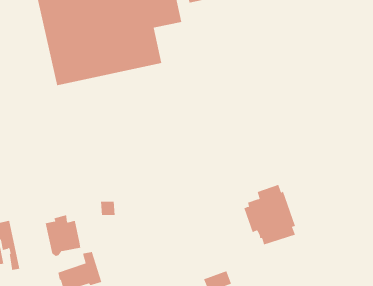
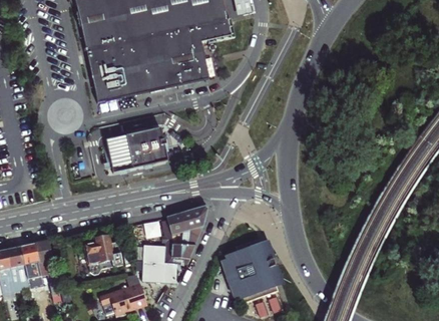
building: none -> [106,124,167,169]
building: [243,184,296,245] -> [224,238,279,302]
building: none -> [142,206,208,283]

